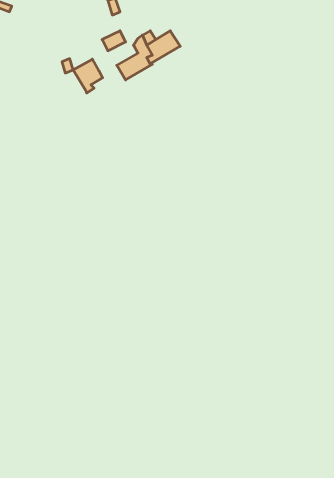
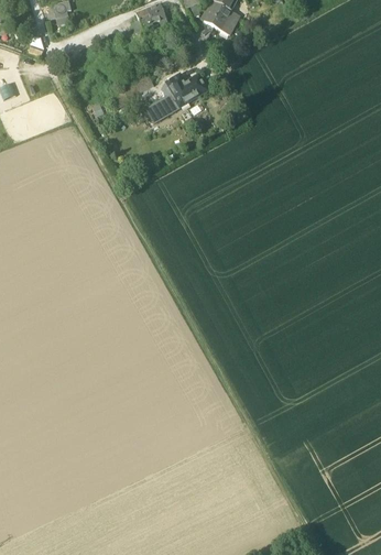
building: [73,59,103,93] -> none

